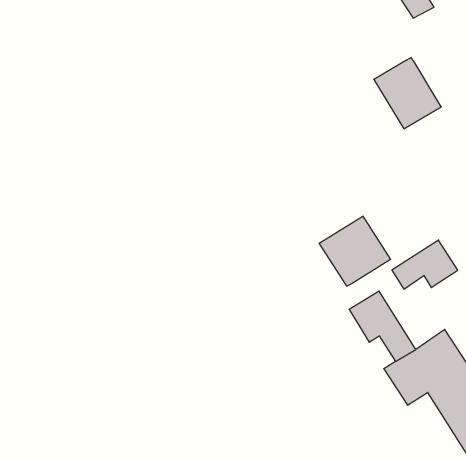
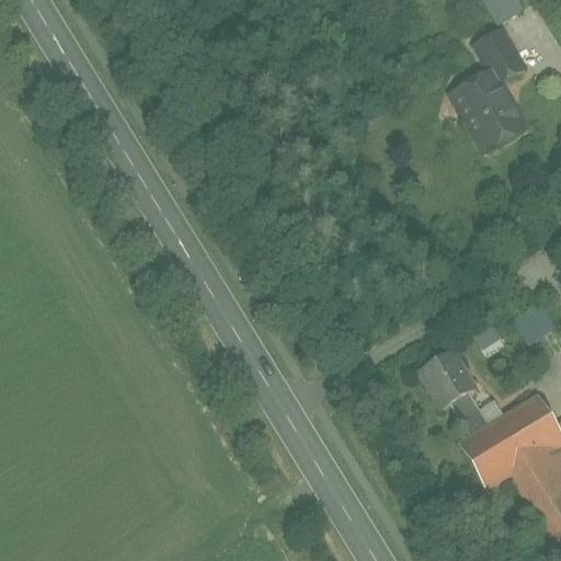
building: none -> [472,26,522,76]
building: [319,216,391,286] -> none

